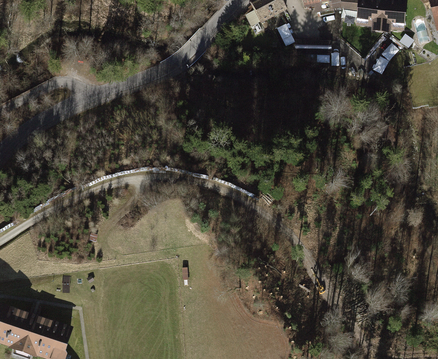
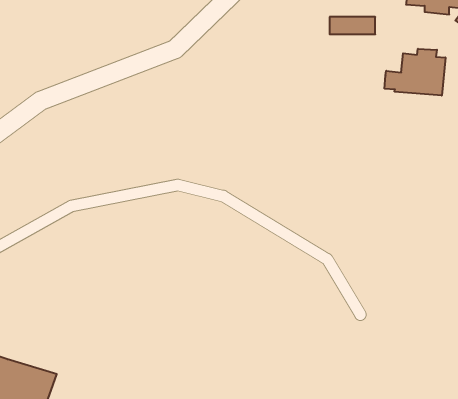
building: none -> [385,49,445,96]

